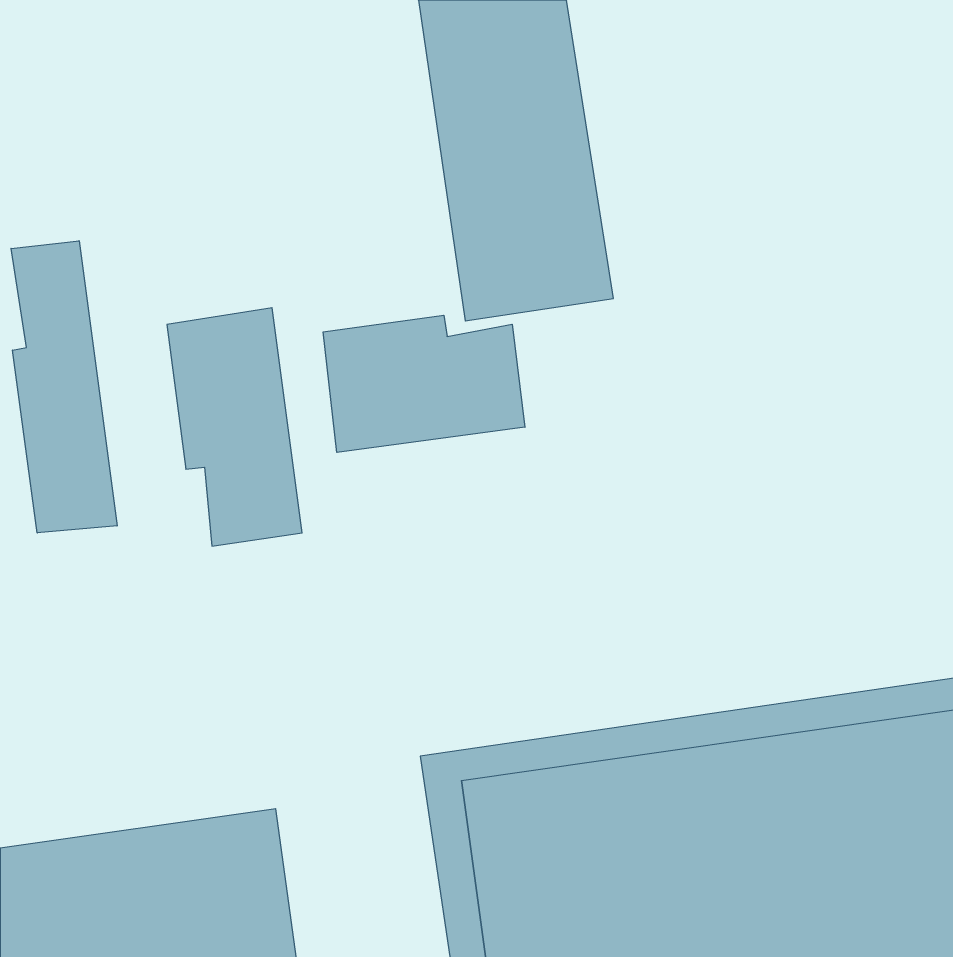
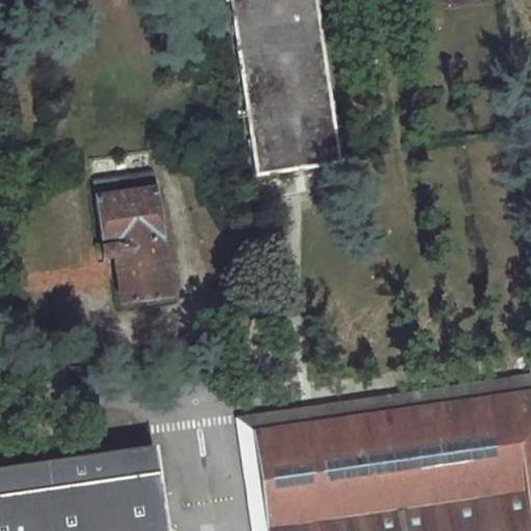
building: [11,241,117,533] -> none
building: [323,315,525,452] -> none

